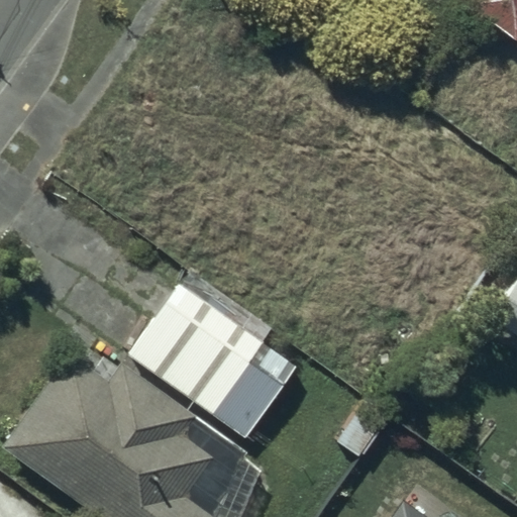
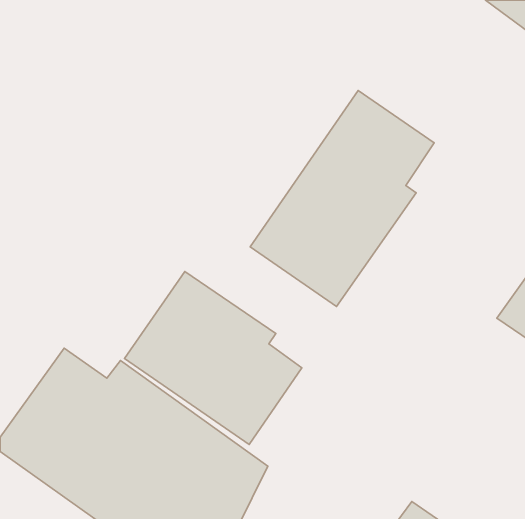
building: none -> [250,90,434,307]

